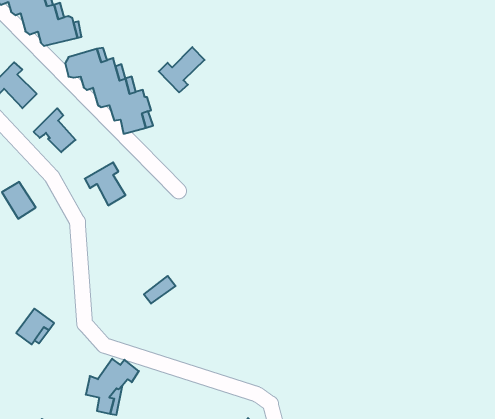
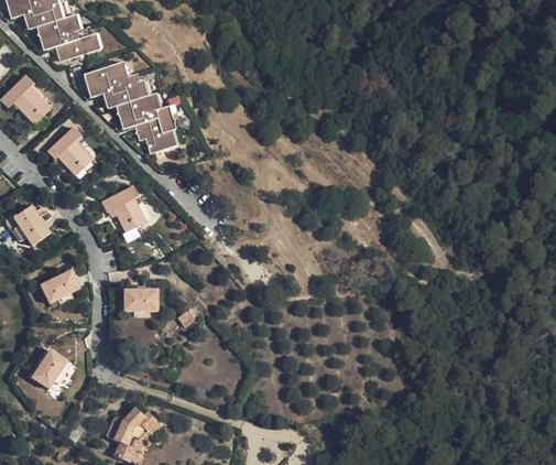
building: [159,47,205,92] -> none
building: none -> [40,268,79,302]
building: none -> [123,286,157,310]

